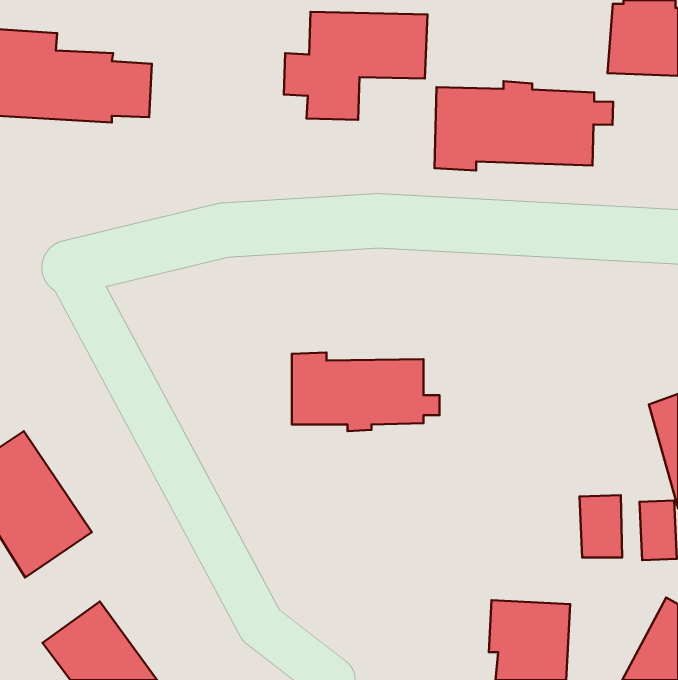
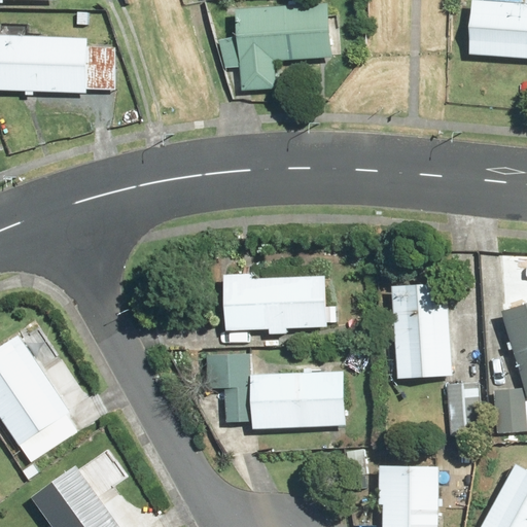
building: [435,81,613,171] -> none
building: none -> [393,278,450,378]
building: none -> [206,355,345,429]

